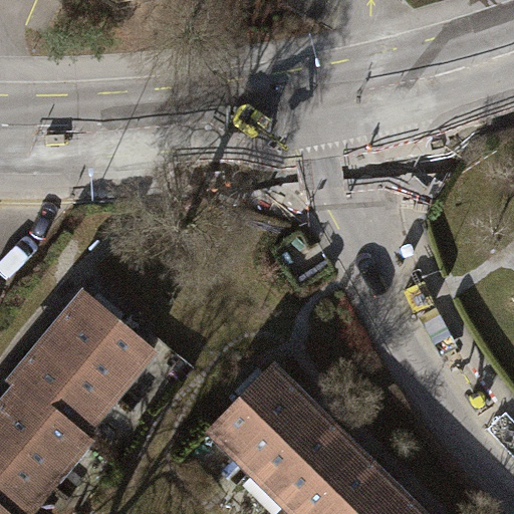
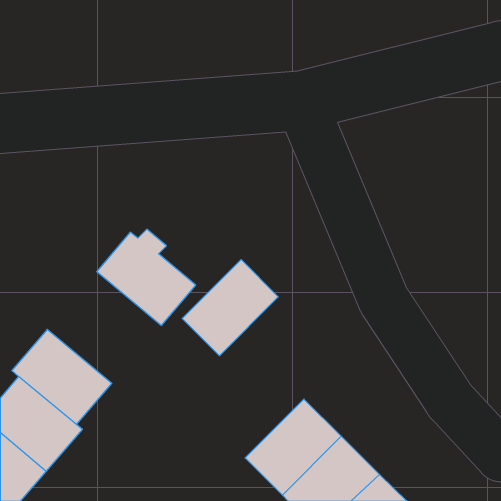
building: [48,294,150,393] -> [97,229,196,325]
building: [213,370,311,469] -> [182,260,278,356]

